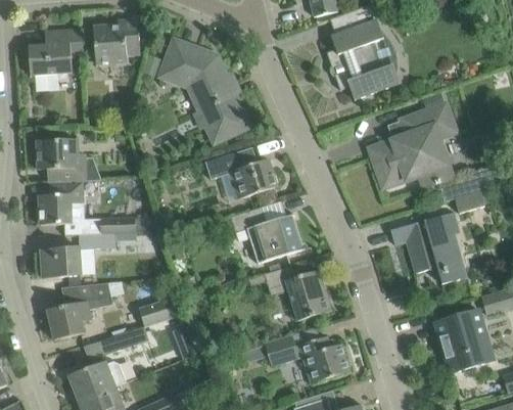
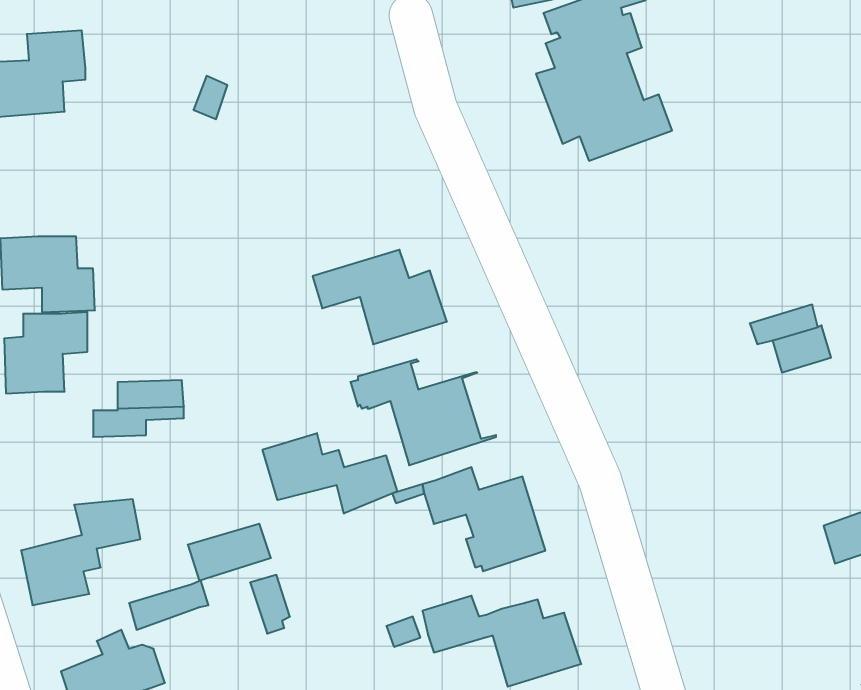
building: [93,19,140,62] -> none
building: [161,40,248,140] -> none
building: [371,103,456,185] -> none
building: [390,211,467,282] -> none
building: [42,245,81,277] -> none
building: none -> [263,433,397,514]
building: [435,309,494,371] -> none

